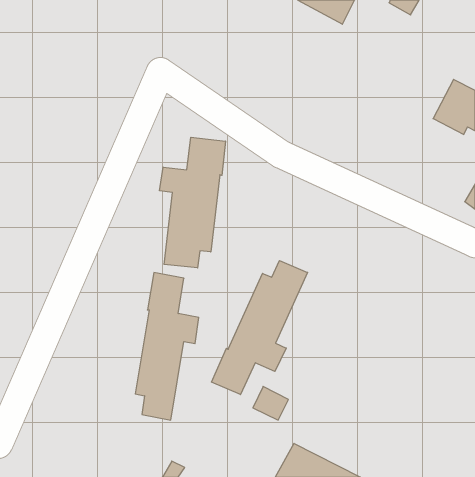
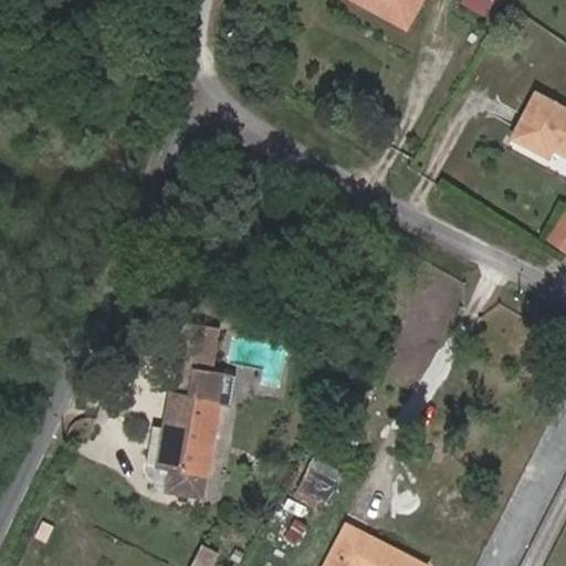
building: [160,137,225,268] -> none
building: [212,261,308,395] -> none

